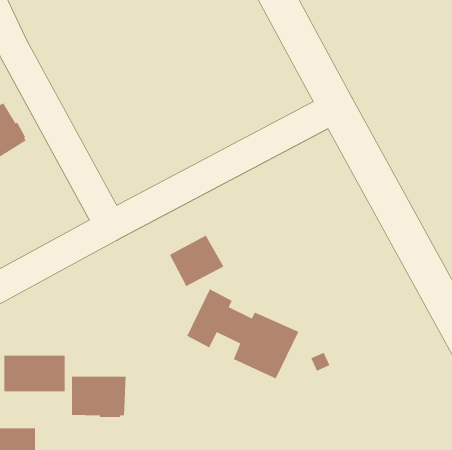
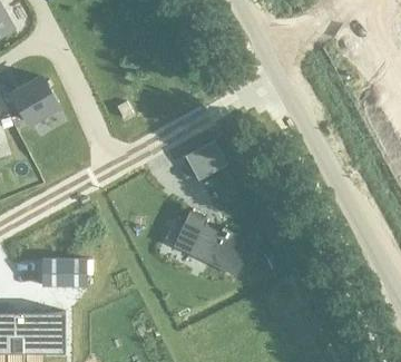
building: [169,234,225,287] -> [186,139,226,177]
building: [71,376,126,418] -> none

